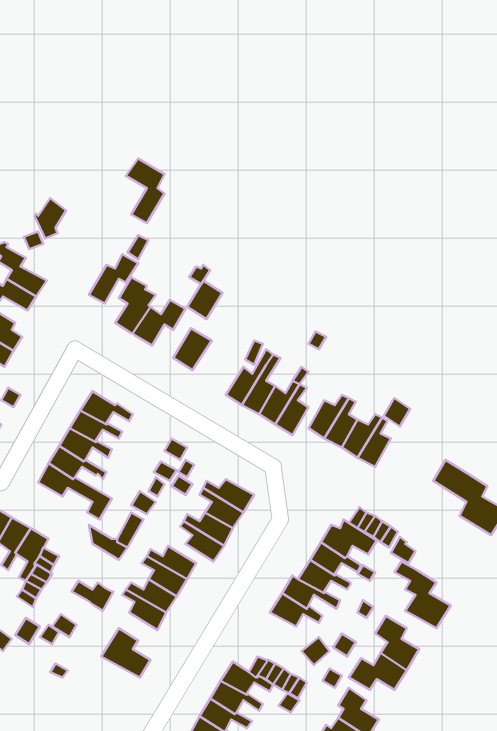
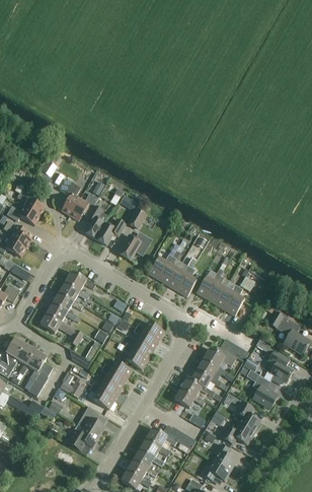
building: [126,158,164,223] -> [58,178,80,215]
building: none -> [255,339,293,383]
building: none -> [66,427,99,451]

